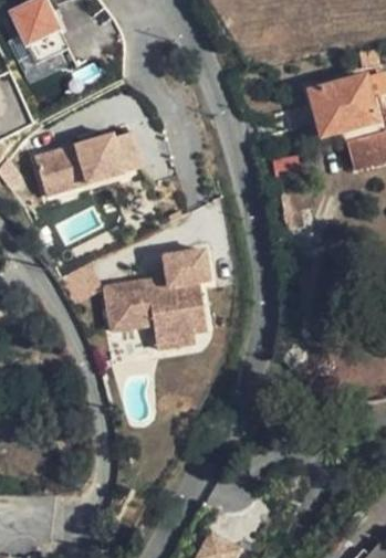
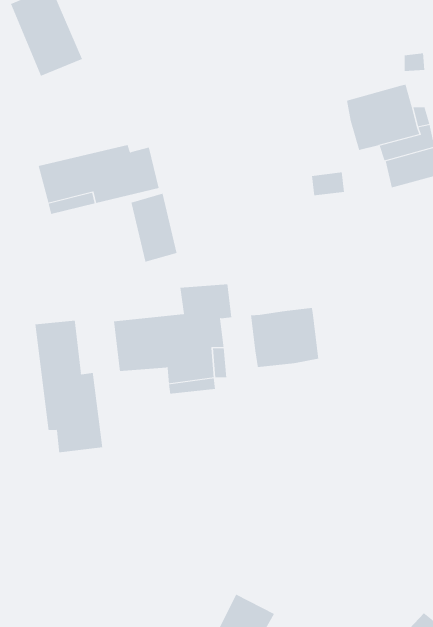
building: none -> [131,193,177,262]
building: none -> [250,307,319,368]
building: none -> [35,320,103,453]

